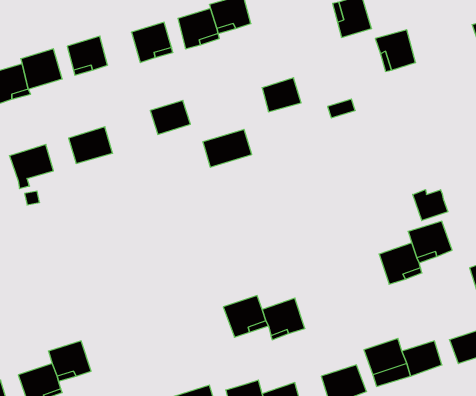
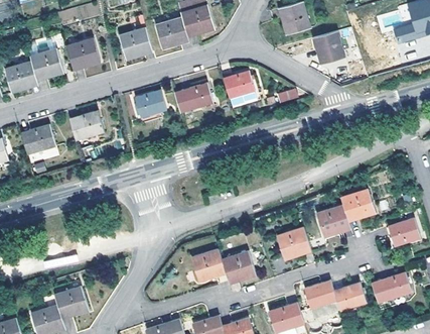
building: [203,129,252,167] -> [173,83,212,113]
building: [413,190,448,221] -> none
building: none -> [278,226,312,260]

